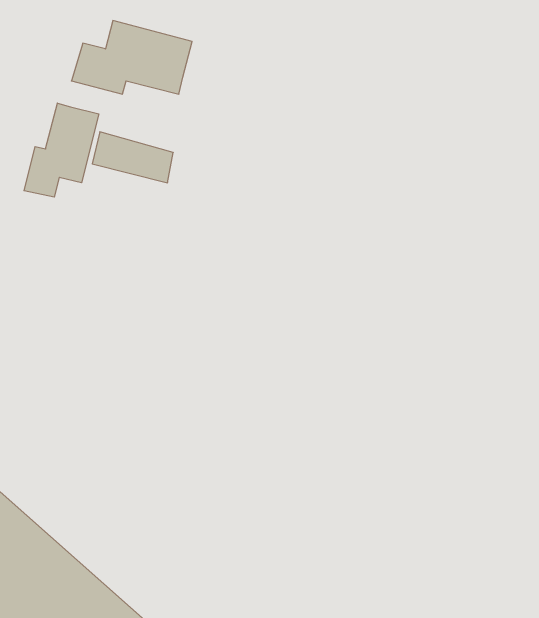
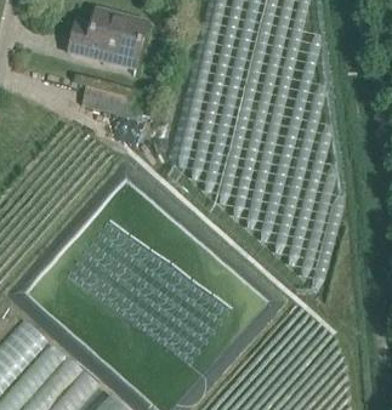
building: [24,103,99,197] -> none

